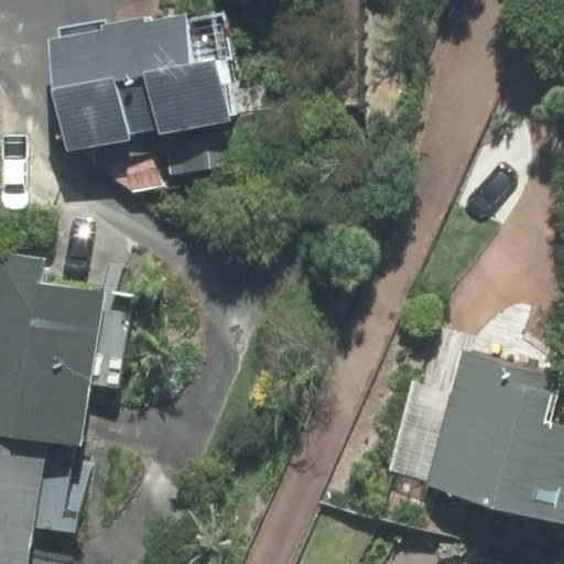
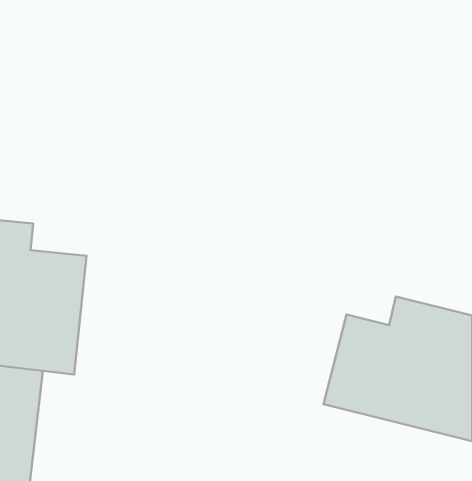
building: [53,13,245,150] -> none

